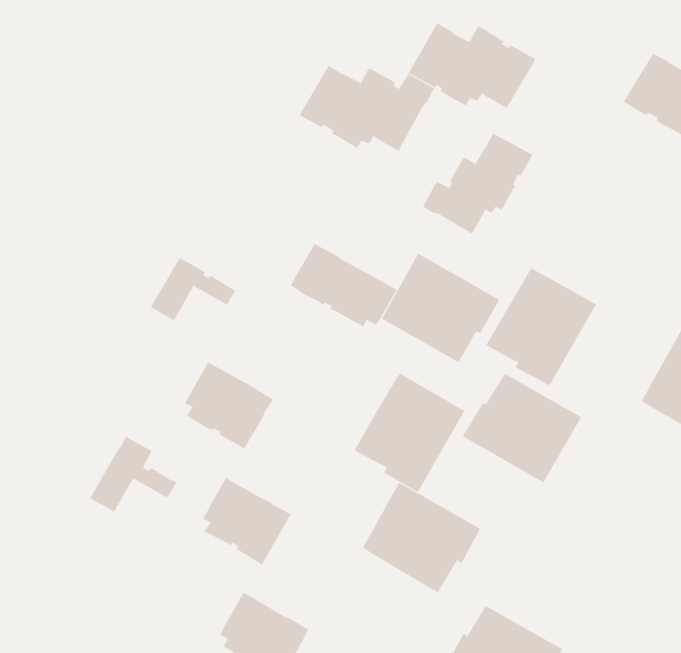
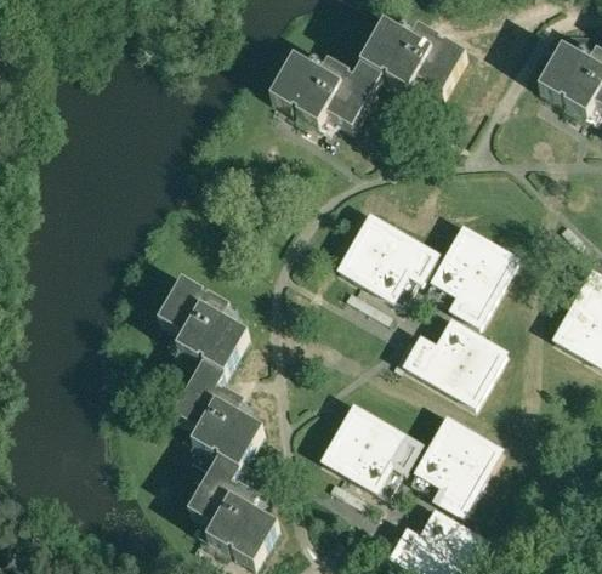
building: [422,133,533,235] -> none
building: [290,243,397,327] -> none
building: [150,257,236,320] -> [158,279,229,331]
building: [354,373,465,493] -> [408,416,500,516]
building: [89,435,177,513] -> [172,363,245,427]
building: none -> [187,459,260,522]

